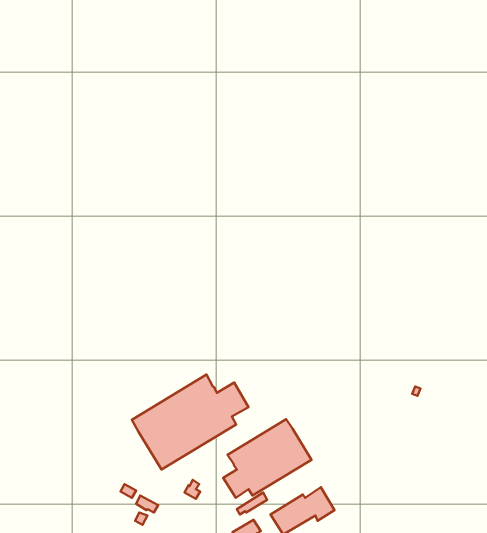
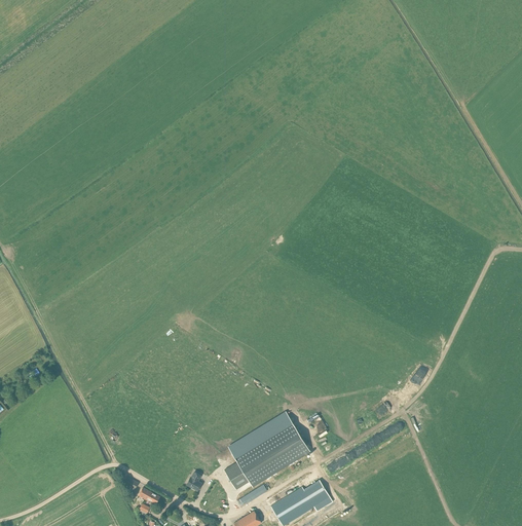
building: [132,375,249,470] -> none

